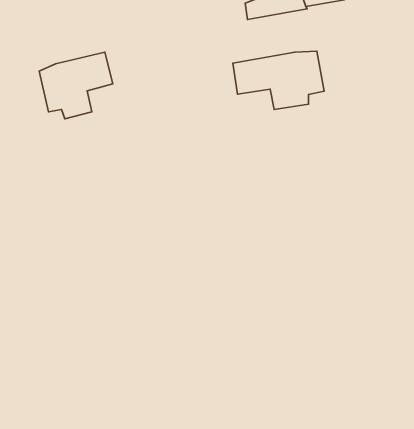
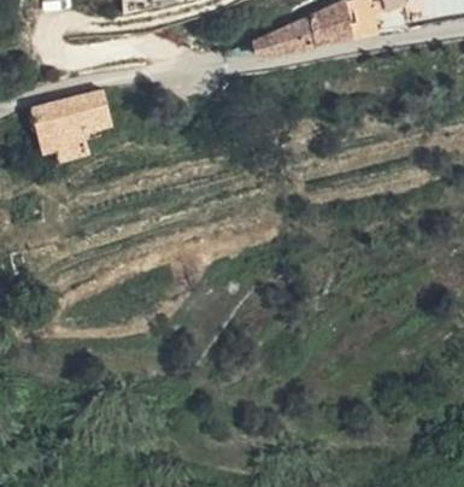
building: [233,51,324,110] -> none

